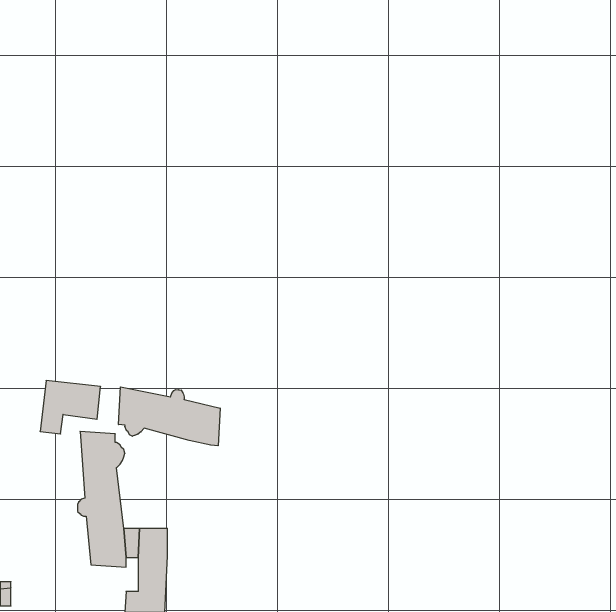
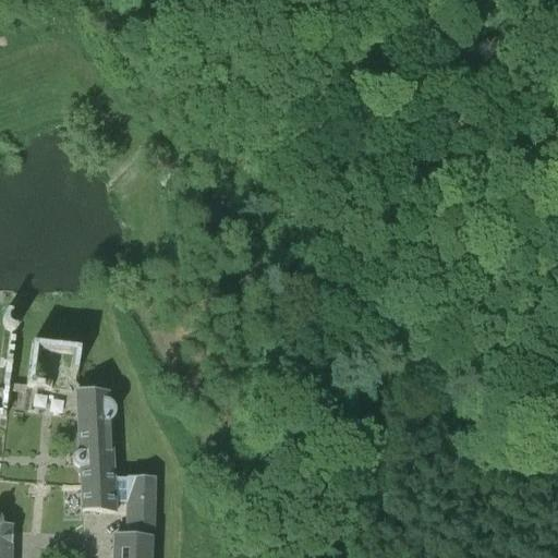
building: [119,387,220,446] -> none

